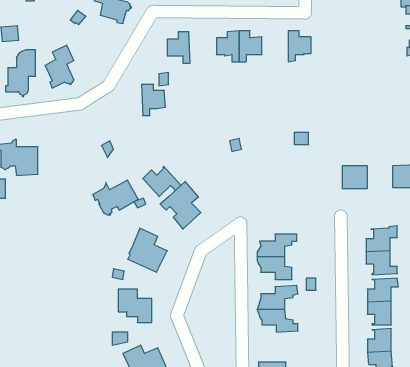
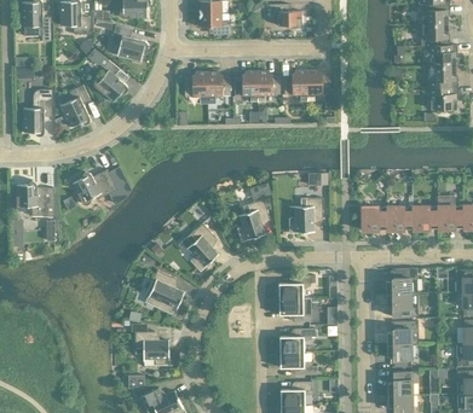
building: none -> [94,59,128,103]
building: none -> [284,70,307,101]
building: [142,84,166,116] -> [207,71,231,103]
building: none -> [238,198,270,240]
building: none -> [290,198,323,232]
building: none -> [387,206,413,229]
building: [143,166,181,197] -> none
building: [93,180,138,215] -> [71,169,117,204]
building: none -> [277,382,312,405]

